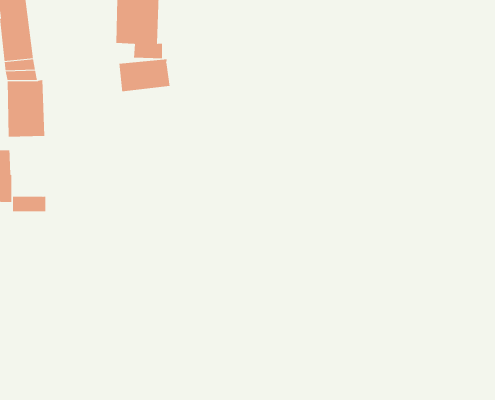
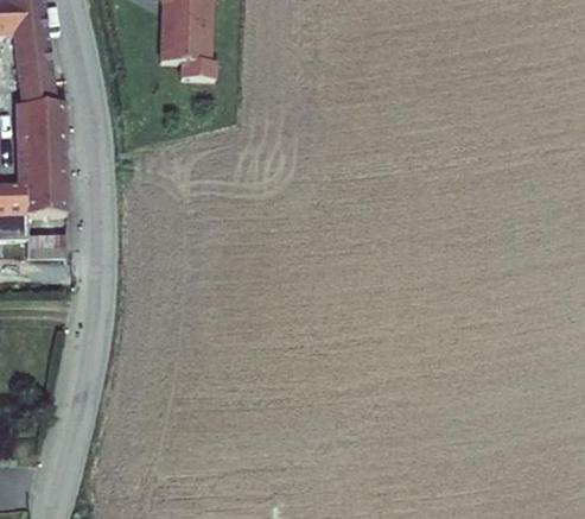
building: [119,58,170,92] -> none
building: none -> [24,165,68,210]

